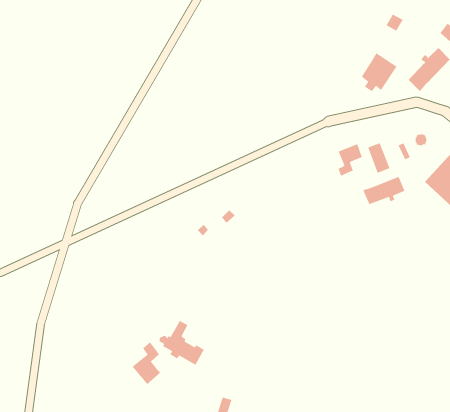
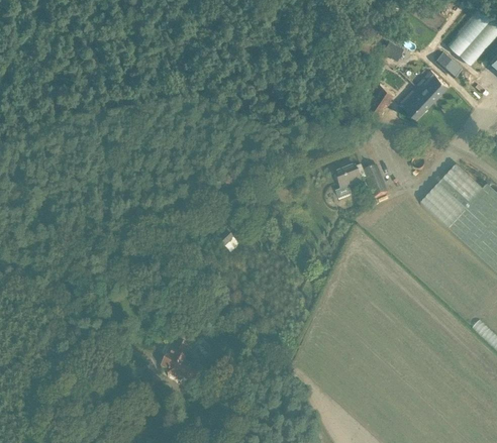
building: [362,176,406,205] -> none
building: [132,341,161,385] -> none

